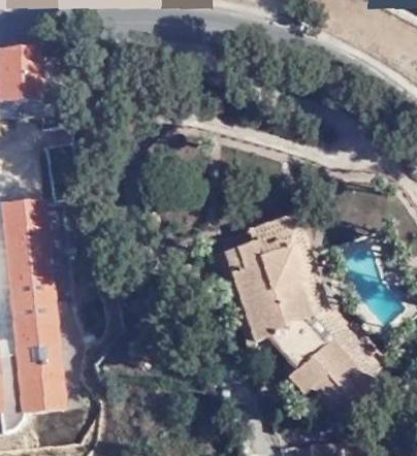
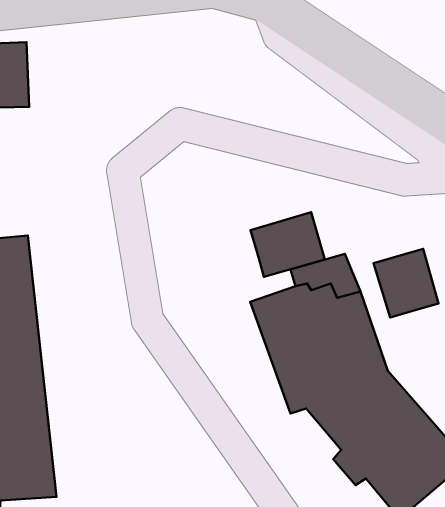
building: none -> [250,212,325,277]
building: none -> [374,249,439,317]

